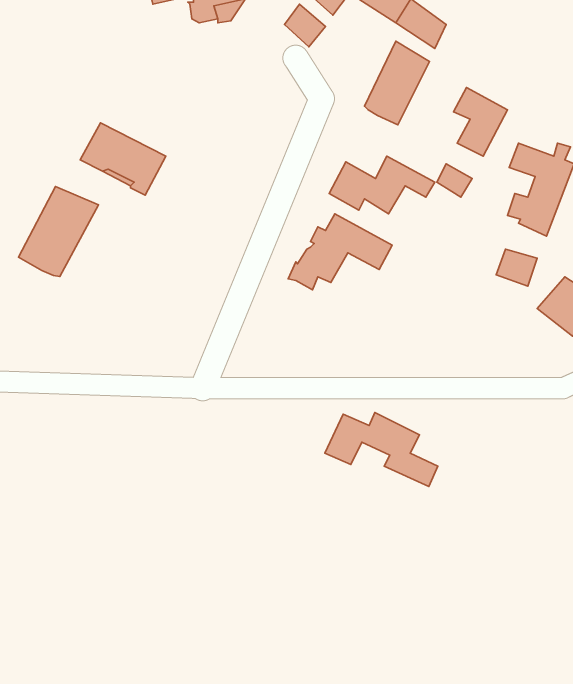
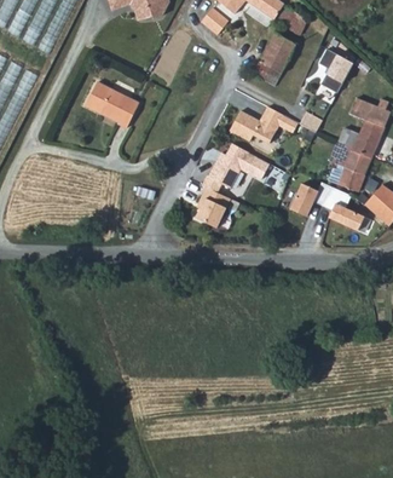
building: [18,186,99,277] -> none
building: none -> [329,140,371,172]
building: none -> [198,186,232,228]
building: [325,412,438,487] -> [289,182,363,230]

